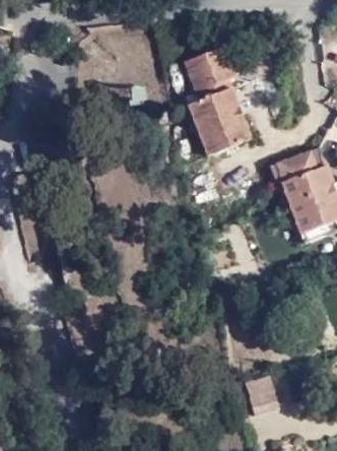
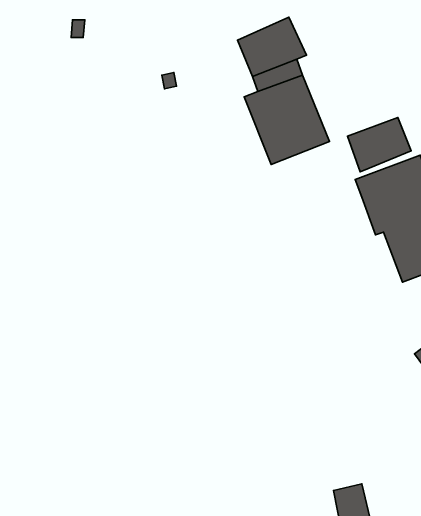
building: none -> [348,118,411,172]

